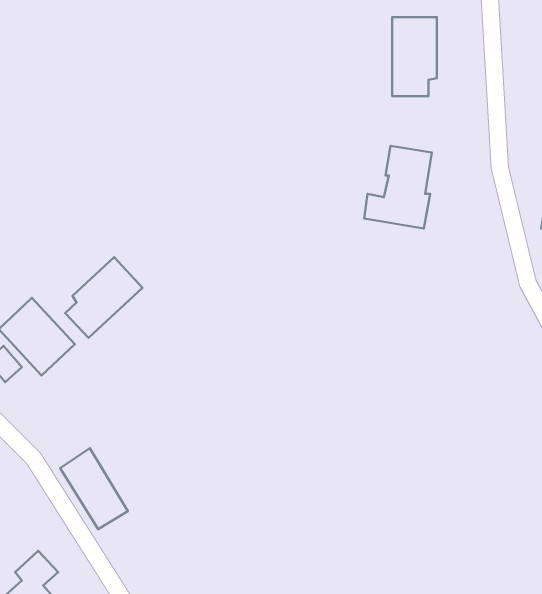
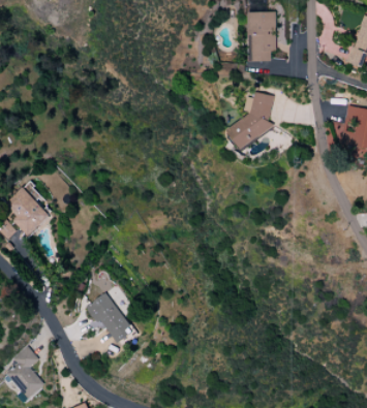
building: [65,257,142,338] -> none
building: [60,448,128,529] -> [89,292,131,343]

